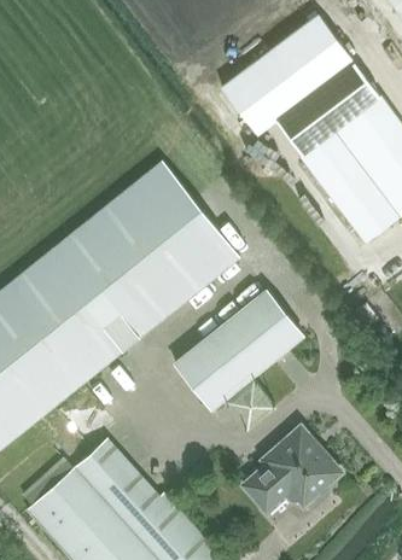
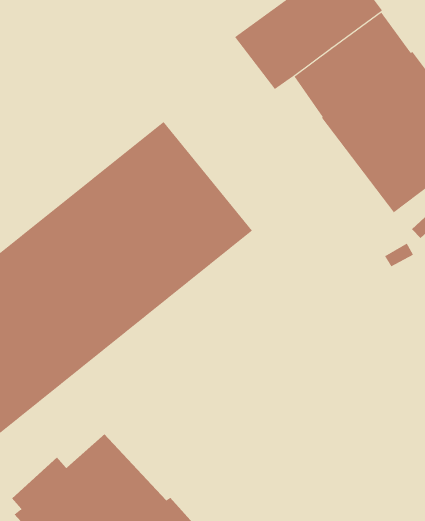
building: [175,296,295,409] -> none
building: [245,430,339,511] -> none

